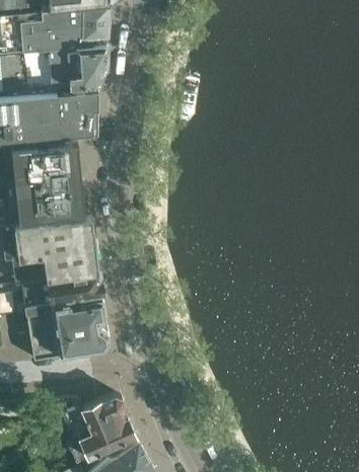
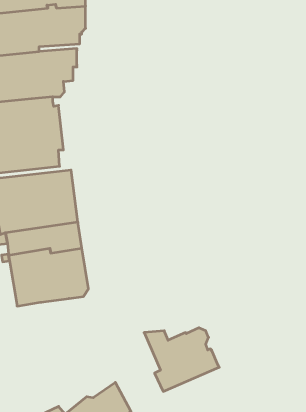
building: [57,394,136,461] -> [144,328,219,391]

